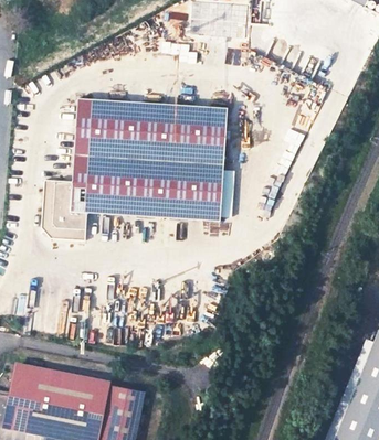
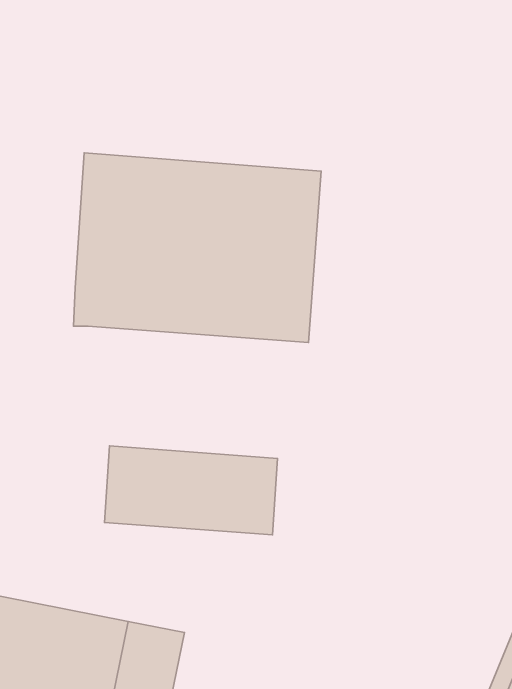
building: [45,181,86,239] -> none
building: none -> [105,446,278,535]

